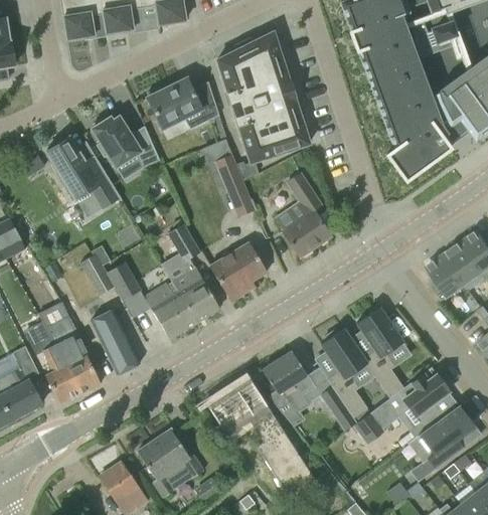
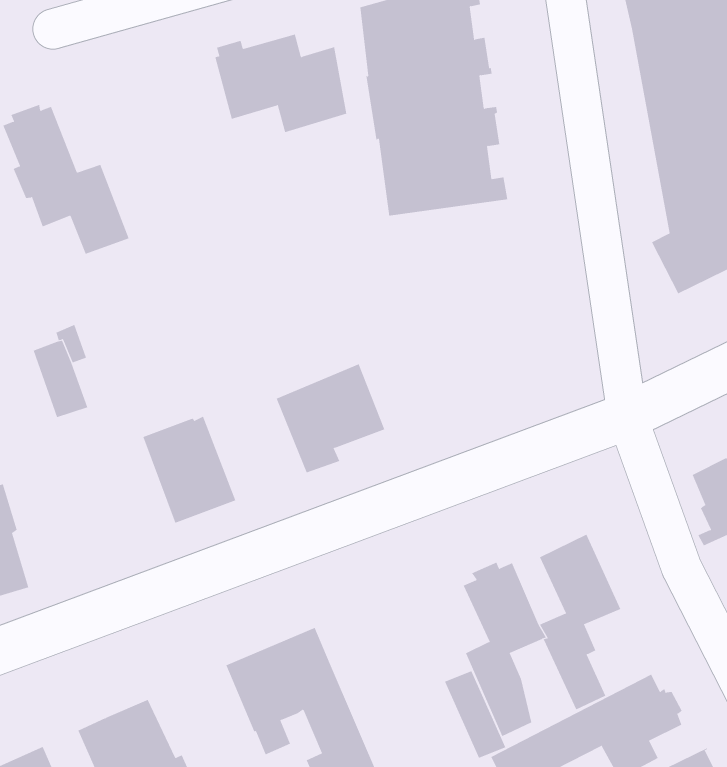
building: [92,116,160,167] -> none
building: [214,146,256,216] -> none
building: [275,174,331,256] -> none
building: [168,224,200,264] -> none
building: [108,262,141,300] -> none
building: [173,267,220,321] -> none
building: [92,309,140,375] -> none
building: [263,351,316,411] -> none

